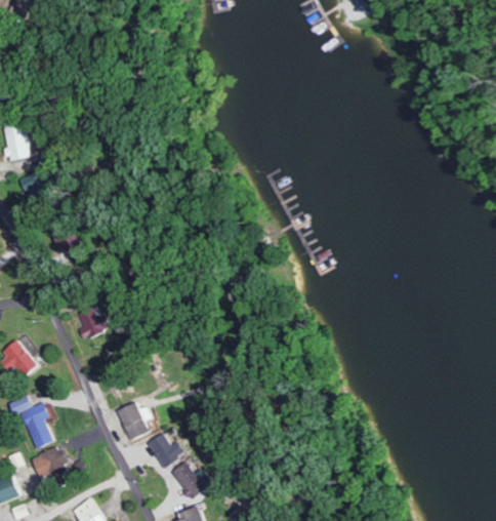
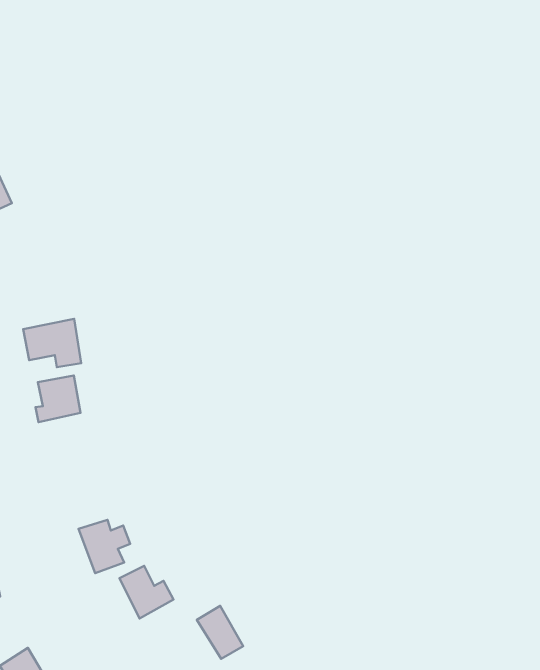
building: none -> [23,319,81,367]
building: [171,460,205,497] -> [197,606,243,659]

